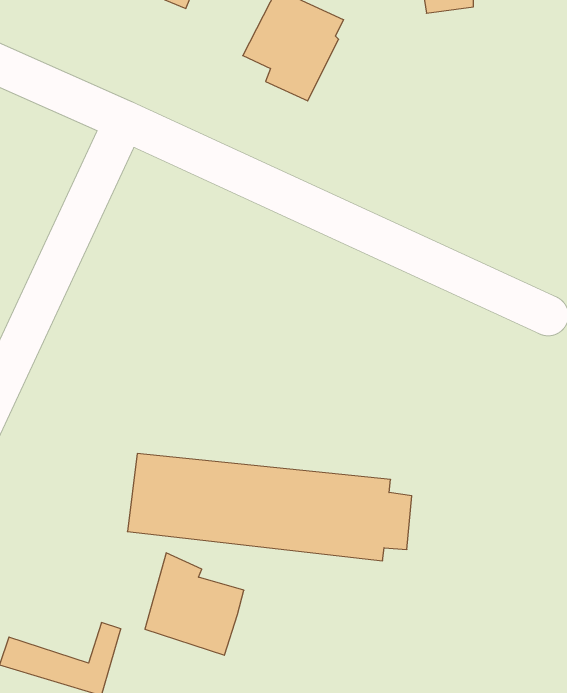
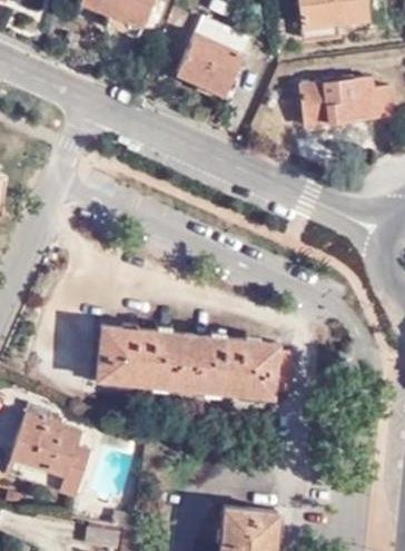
building: none -> [297,71,388,119]
building: [145,553,244,655] -> [14,404,82,474]

